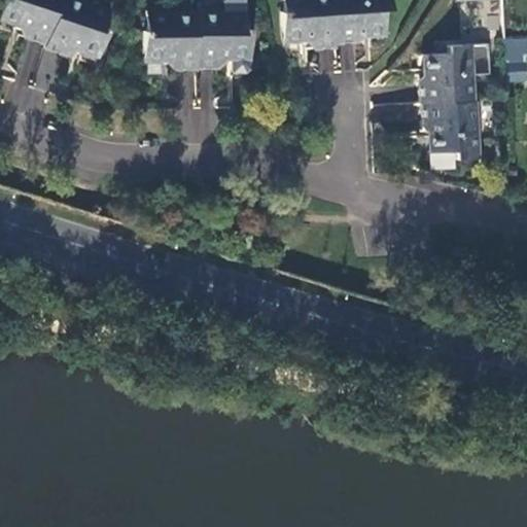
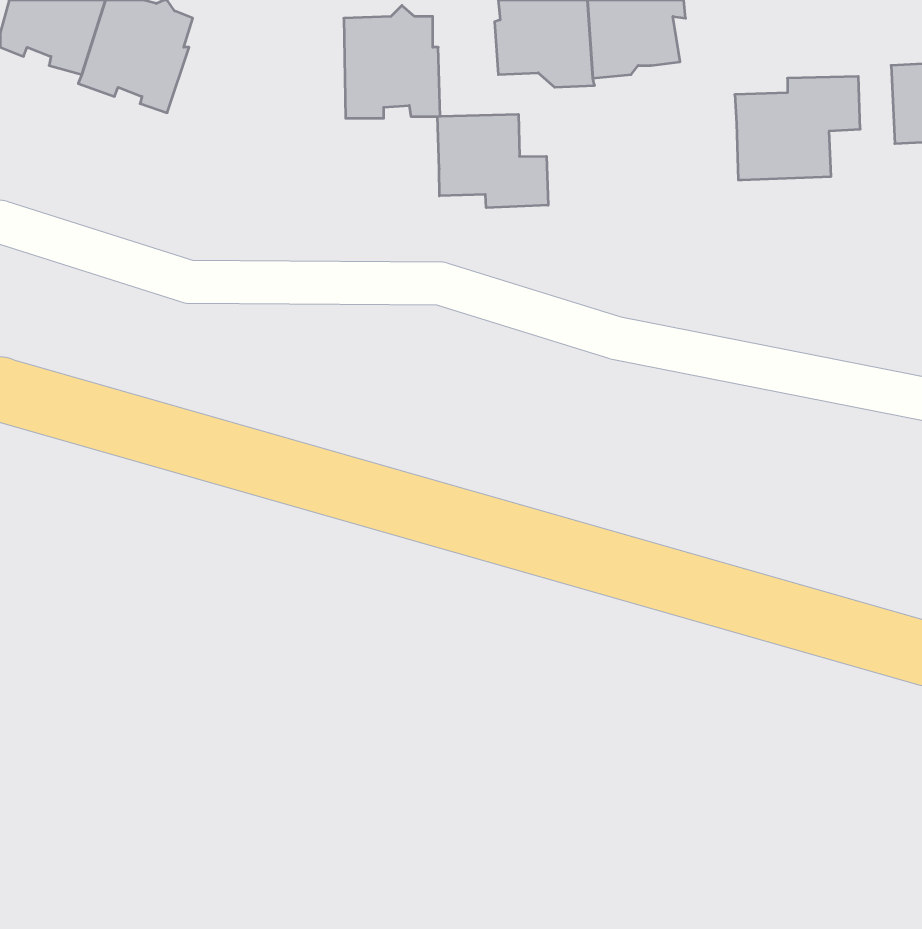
building: [145,10,200,69] -> none
building: none -> [437,114,548,208]
building: [424,100,479,157] -> none

